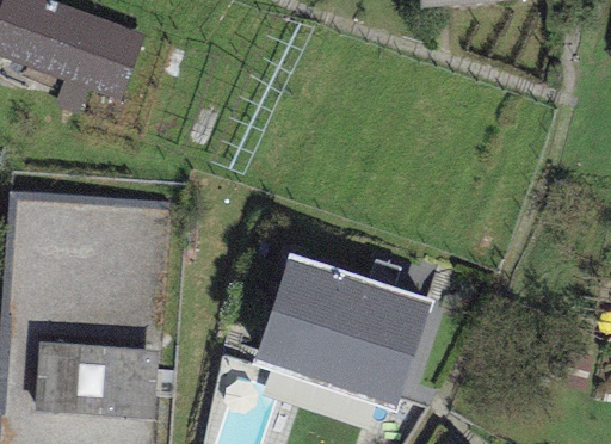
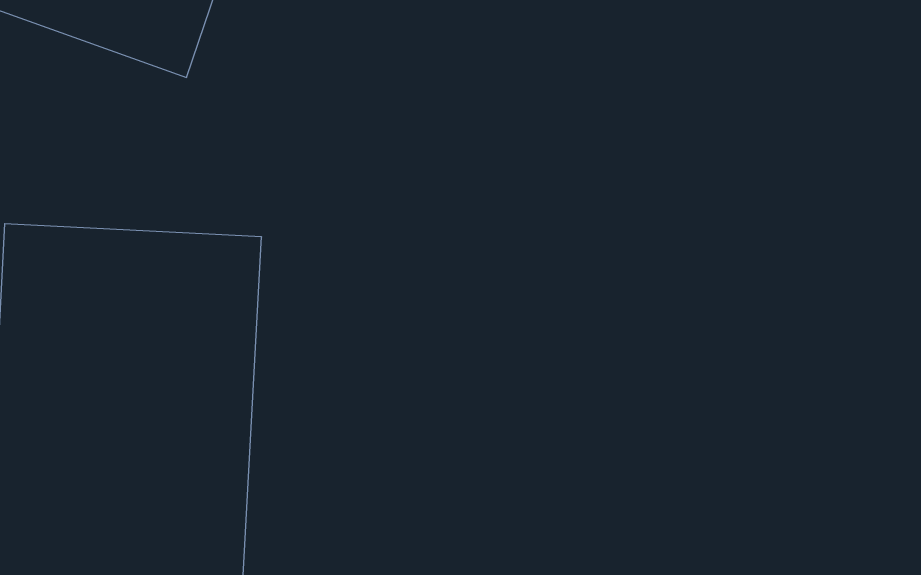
building: [251,254,431,405] -> none

